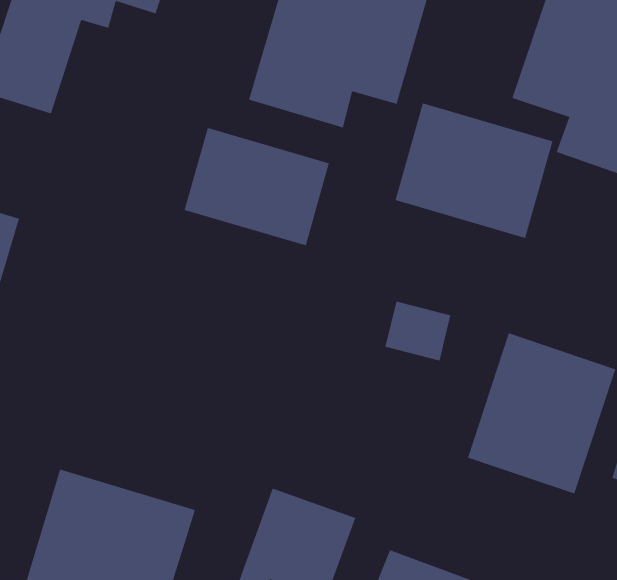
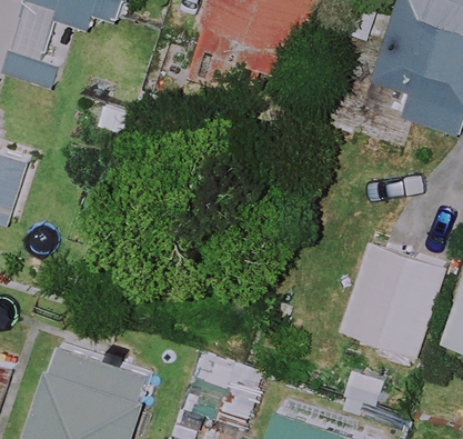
building: [395,103,553,239] -> none
building: [184,127,330,246] -> none

